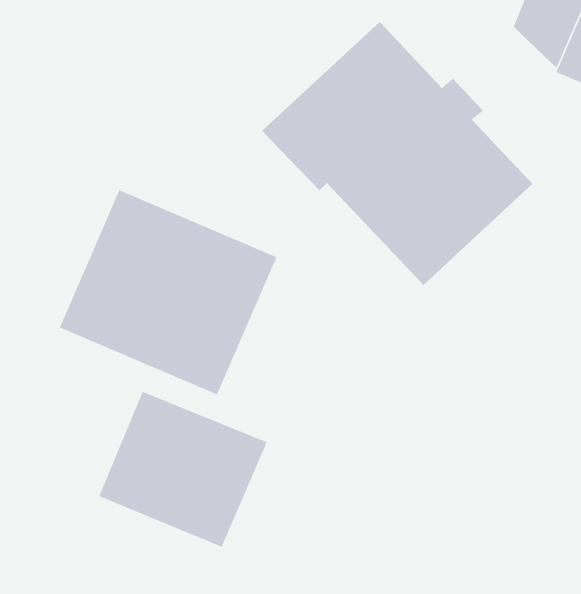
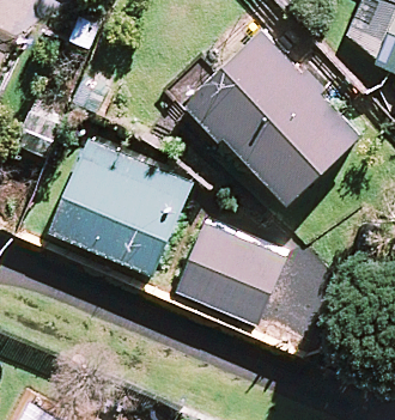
building: [98,391,268,548] -> [176,225,287,328]

